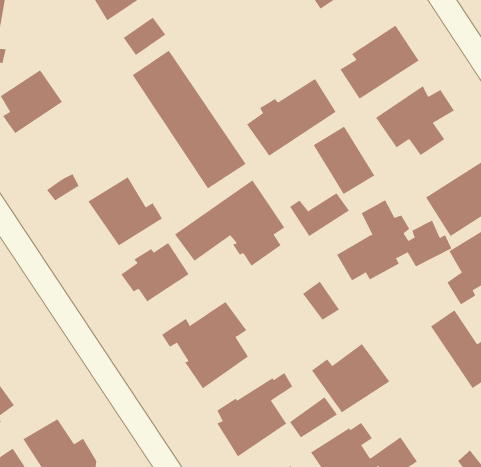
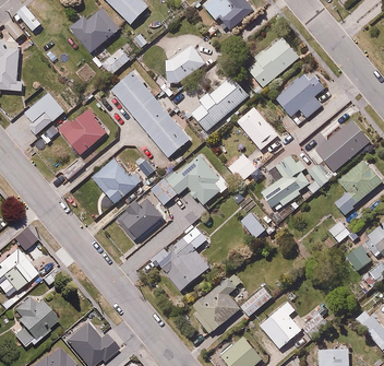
building: none -> [166,45,206,80]
building: none -> [57,107,109,155]
building: [311,343,390,413] -> none

